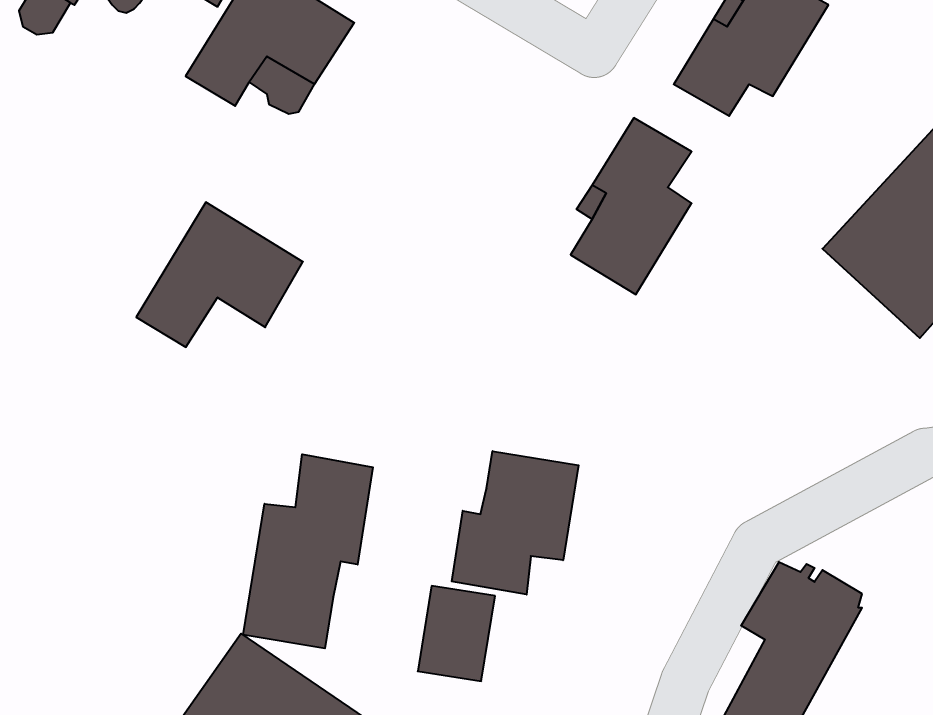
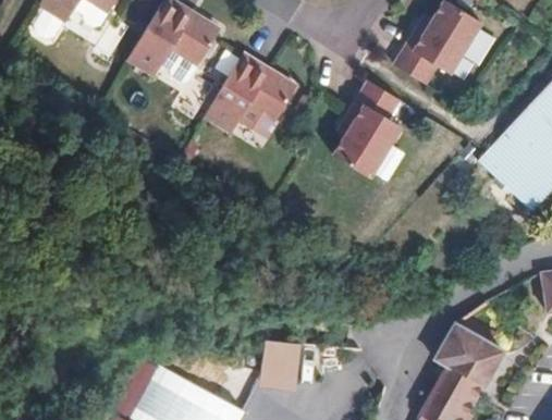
building: [136,202,303,347] -> [206,52,297,132]
building: [452,451,579,595] -> none
building: [243,454,373,648] -> none

